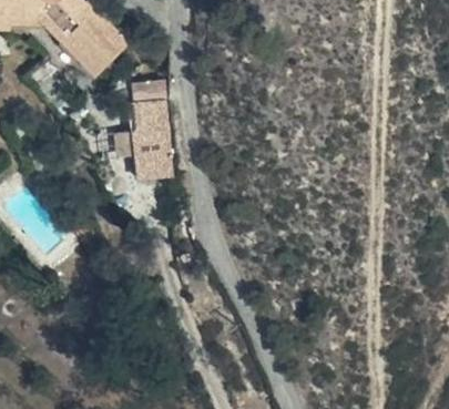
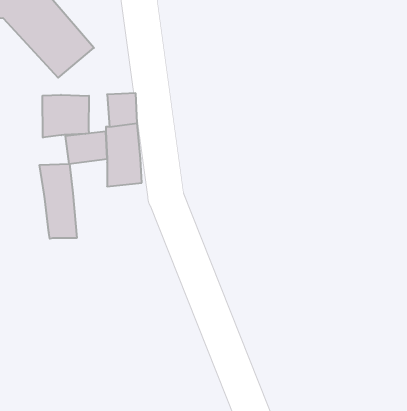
building: none -> [43,95,89,138]
building: none -> [40,164,77,239]

